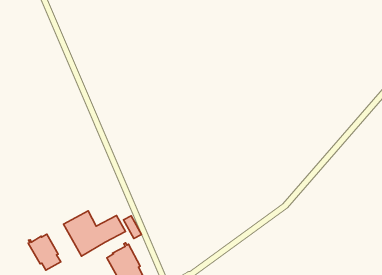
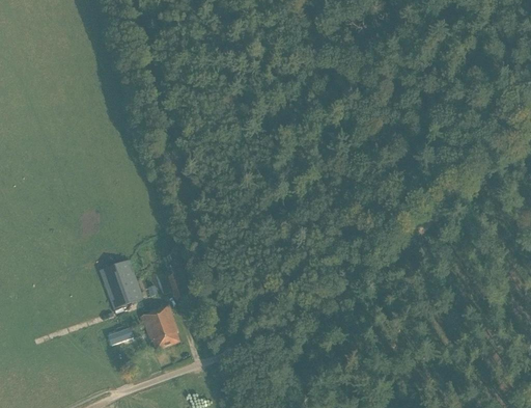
building: [28,234,61,270] -> none

